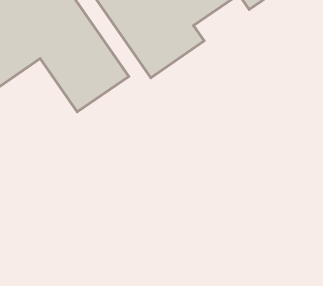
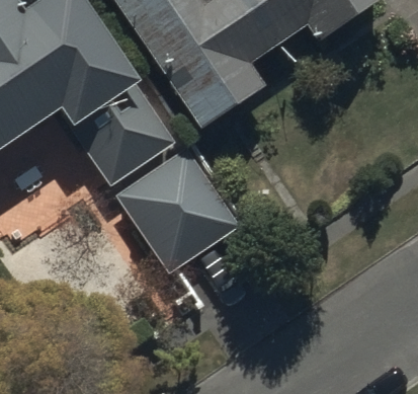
building: none -> [121,153,245,280]

